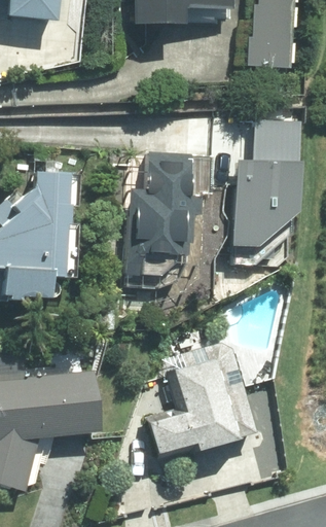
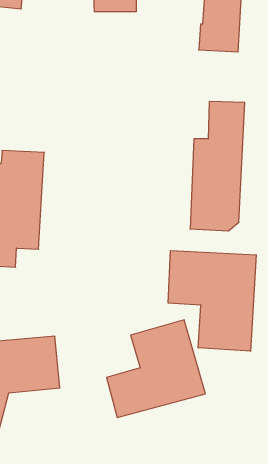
building: [125,155,214,286] -> none
building: none -> [168,251,256,351]

